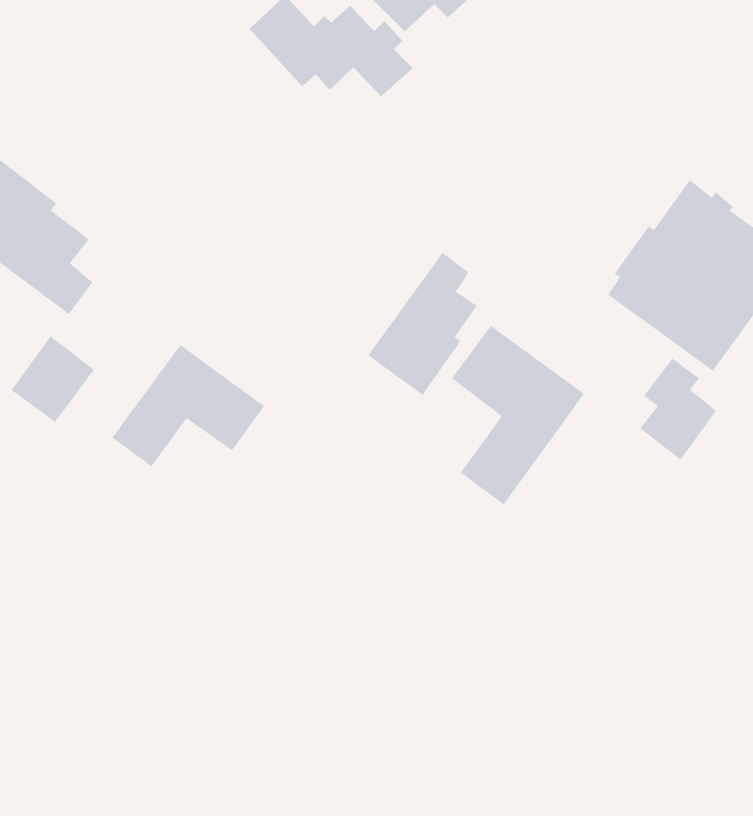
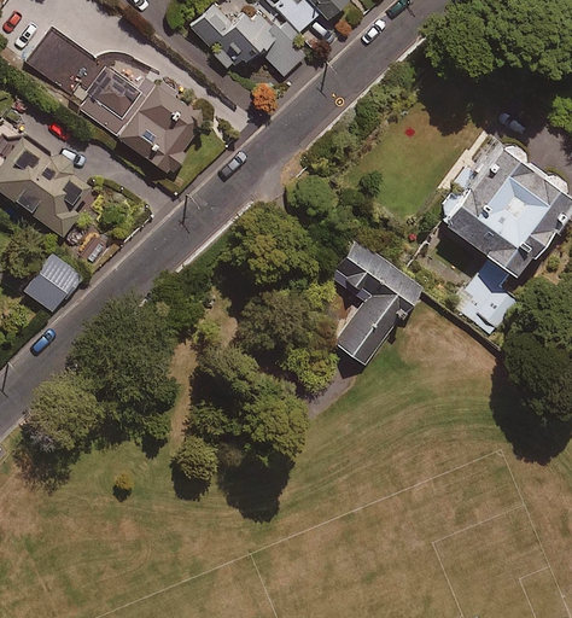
building: none -> [24,28,204,182]
building: [367,252,477,396] -> none
building: [112,344,265,467] -> none

